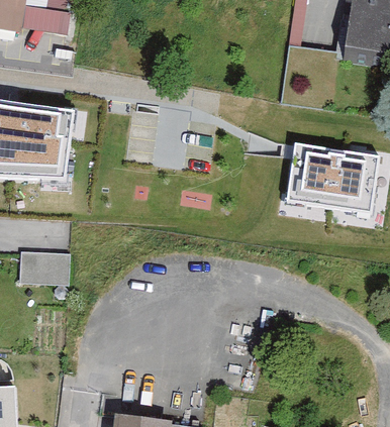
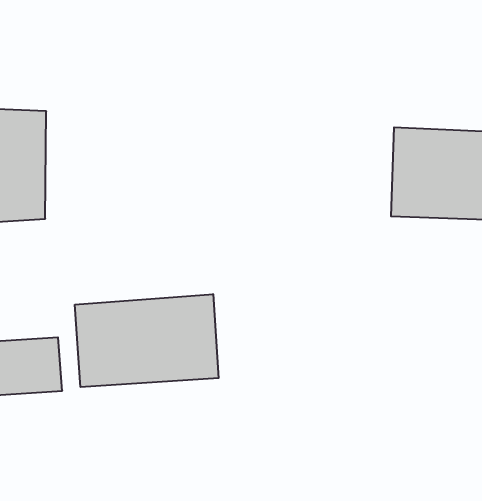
building: none -> [75,294,219,387]

